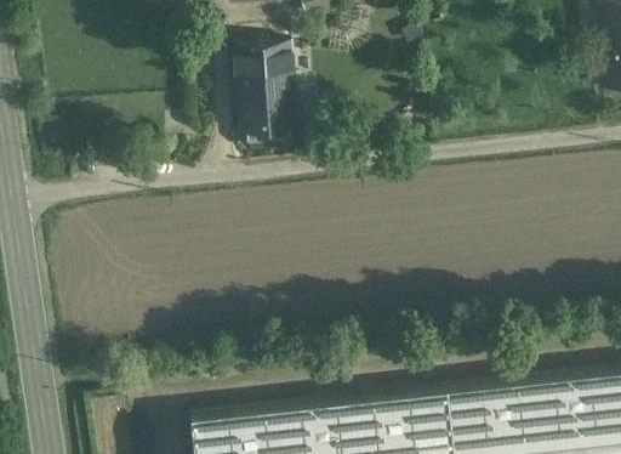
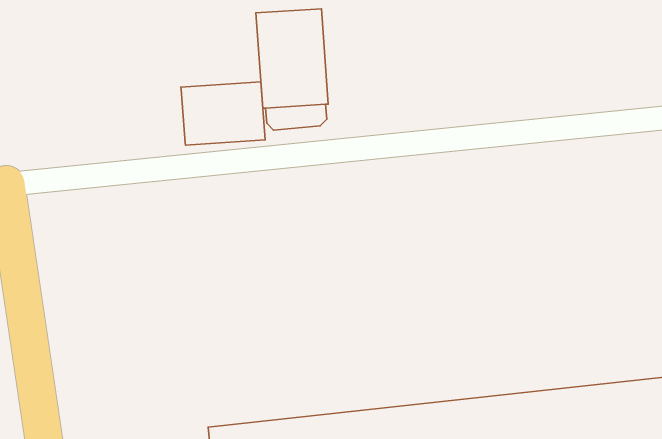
building: none -> [181,82,265,145]

